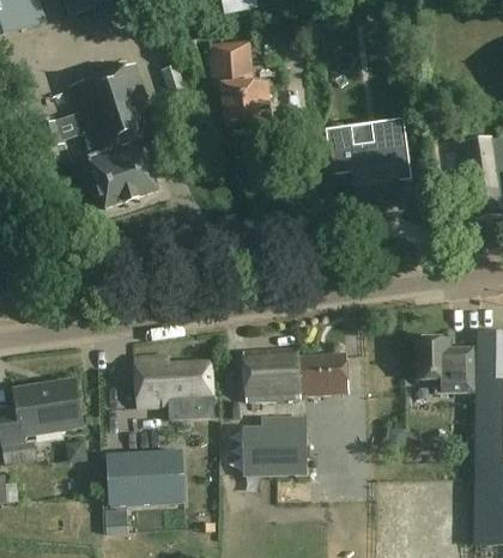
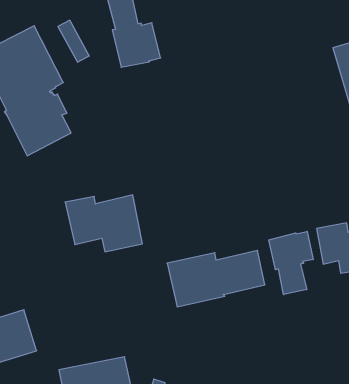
building: [320,117,412,208] -> none
building: none -> [269,231,313,295]
building: [134,356,213,419] -> [65,195,142,252]
building: [241,413,305,474] -> none

